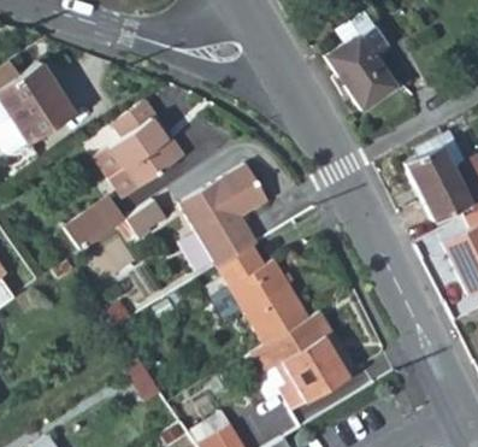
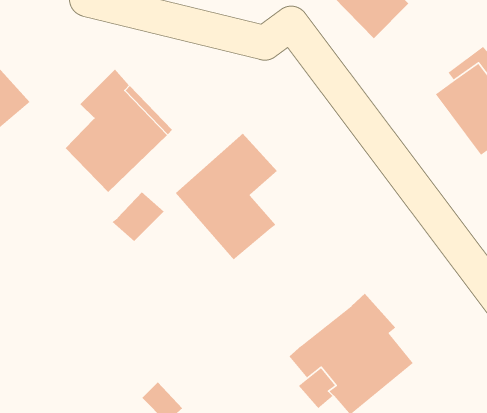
building: [69,196,129,249] -> none
building: [218,249,307,348] -> none

